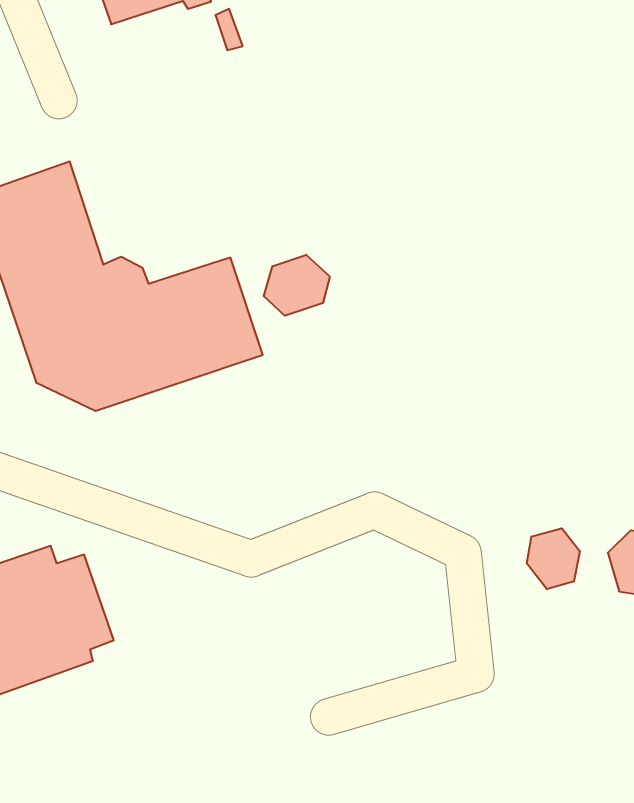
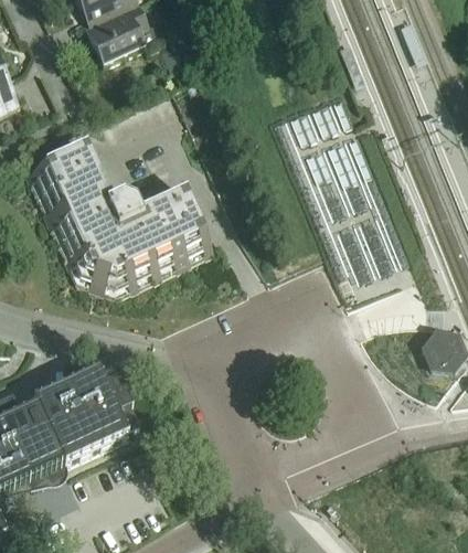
building: [264,255,330,316] -> none
building: [527,528,580,589] -> none

